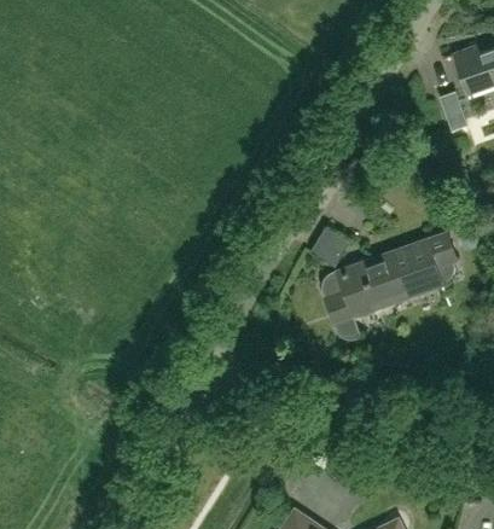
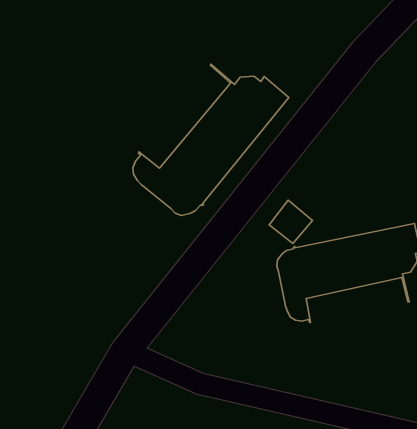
building: none -> [133,64,289,215]

